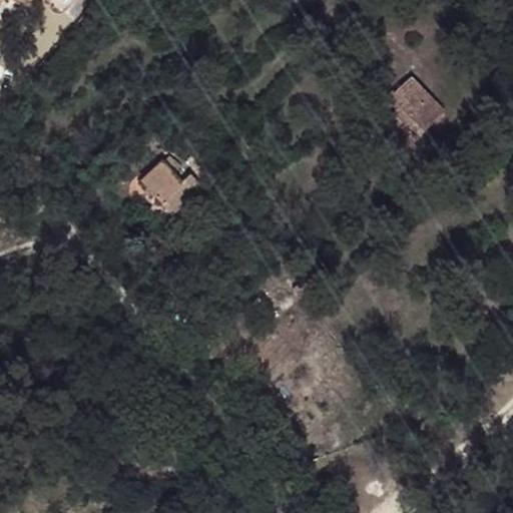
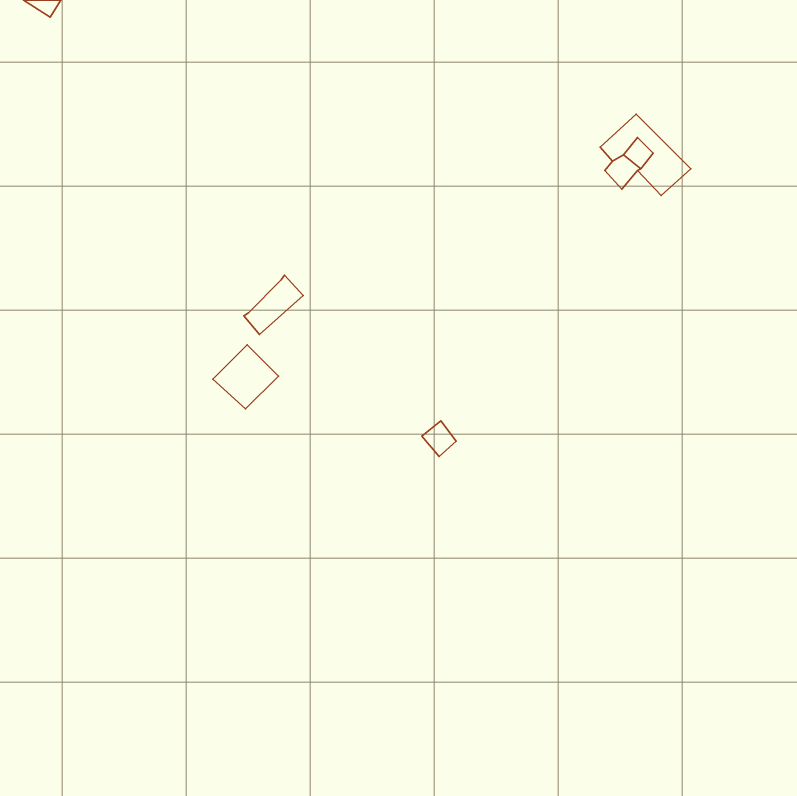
building: [138,161,180,202] -> [213,345,278,409]

